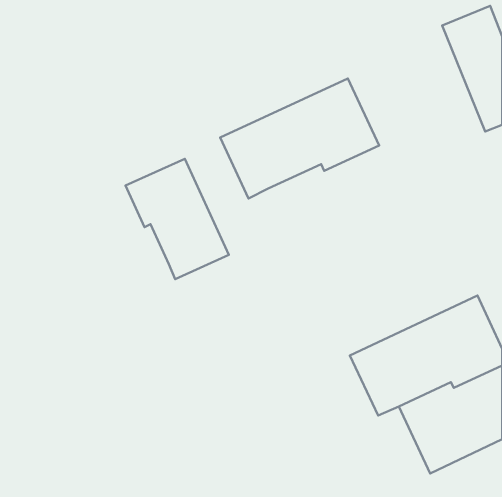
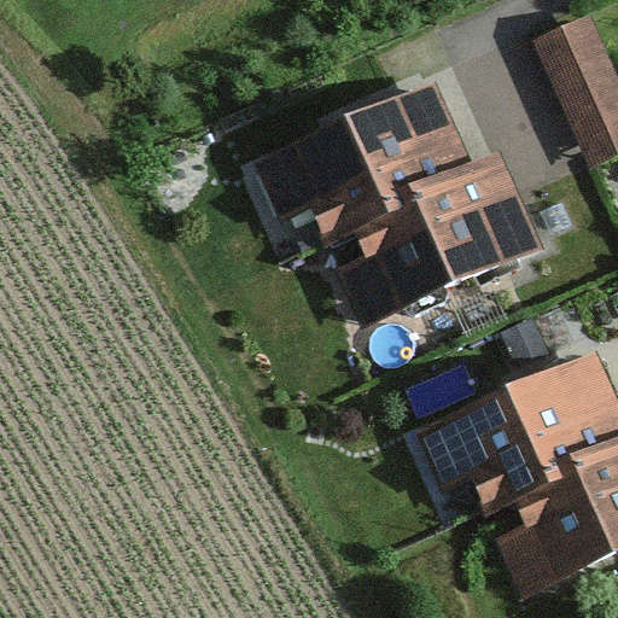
building: none -> [330,165,529,314]
building: [126,159,229,279] -> none

